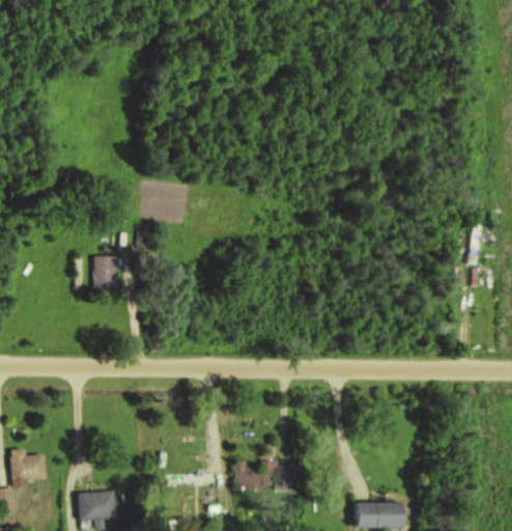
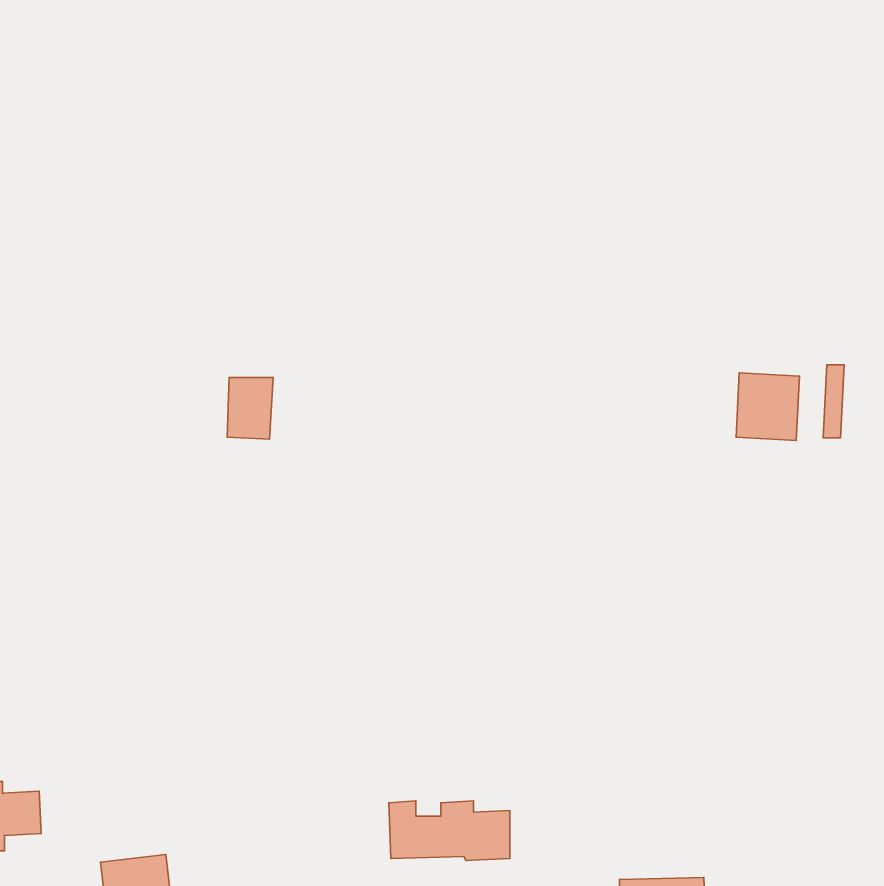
building: none -> [736,373,799,440]
building: [93,256,118,289] -> [227,378,273,439]

